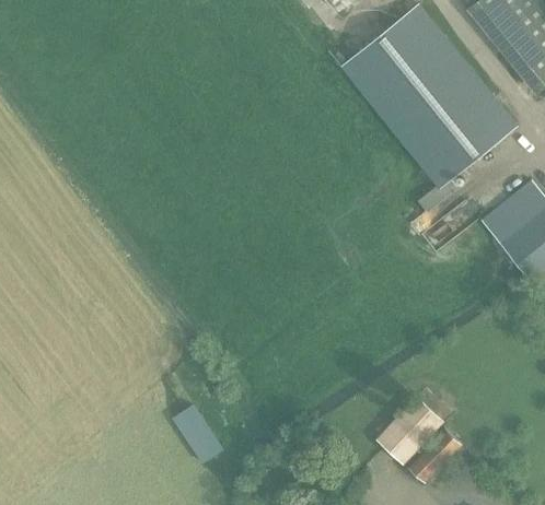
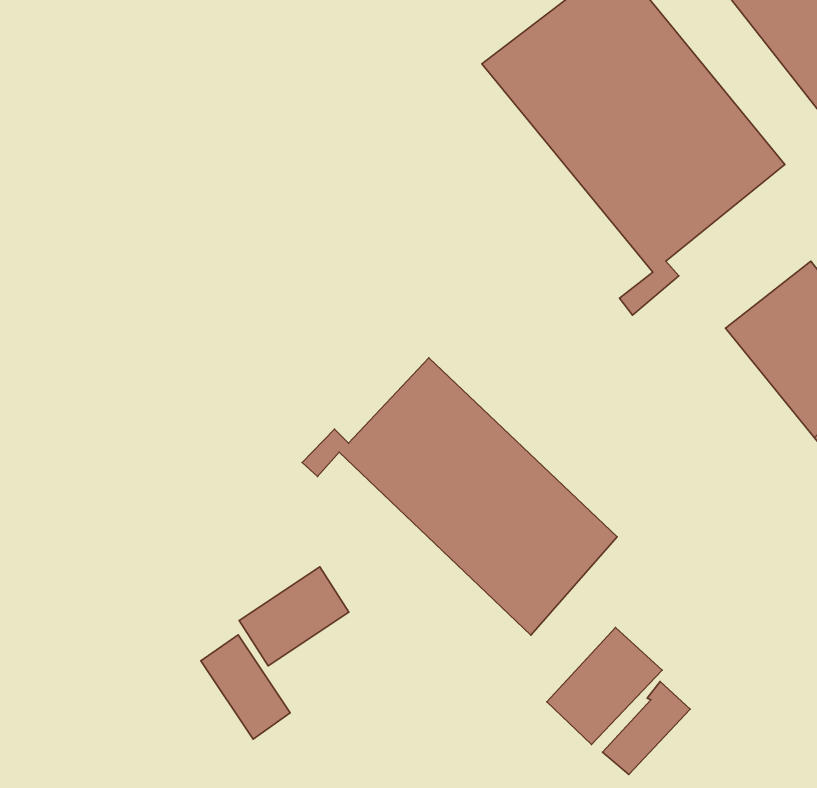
building: none -> [302,358,617,635]
building: none -> [239,567,349,666]

